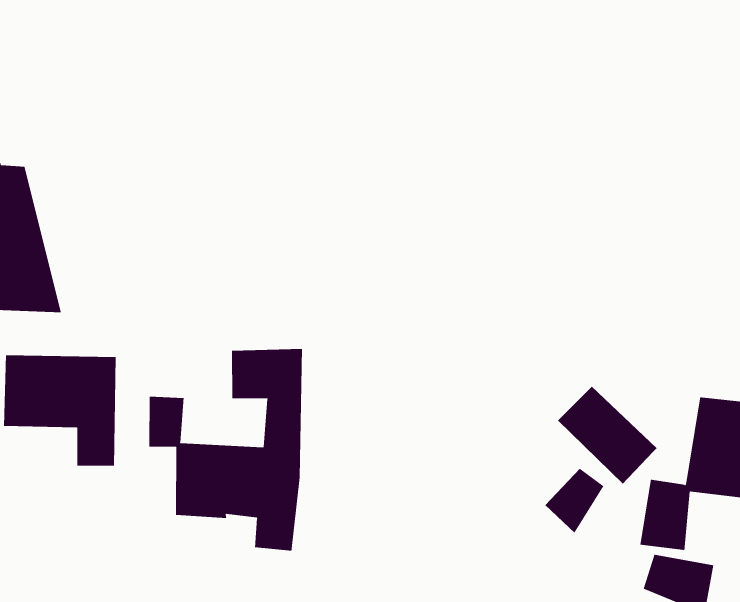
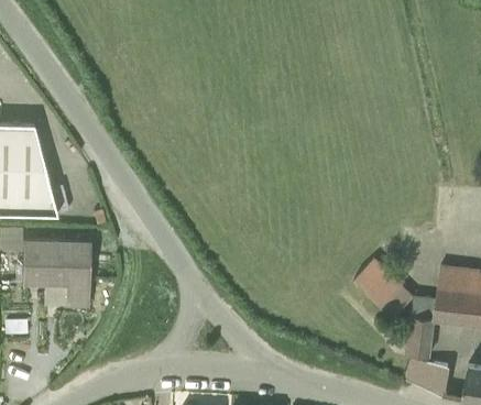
building: [149,348,302,551] -> none
building: [545,468,604,533] -> none

